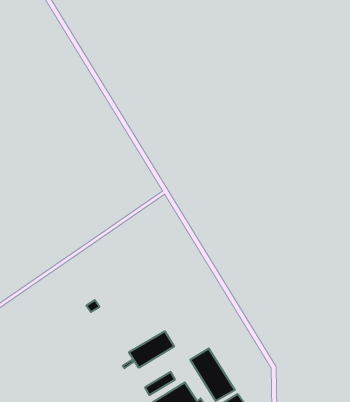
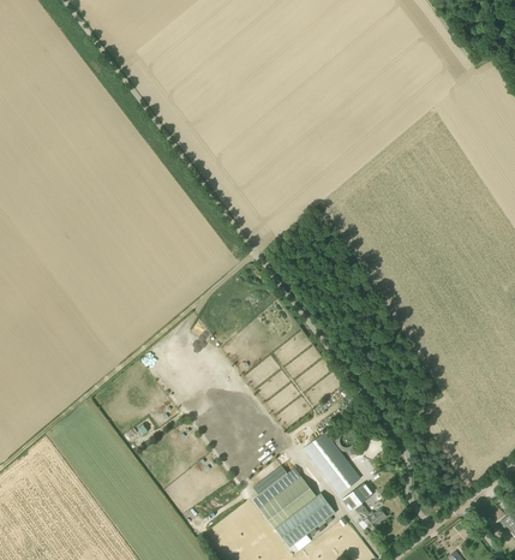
building: [129,331,174,368] -> none

